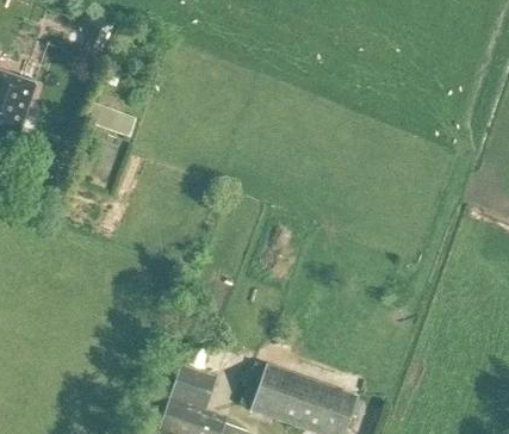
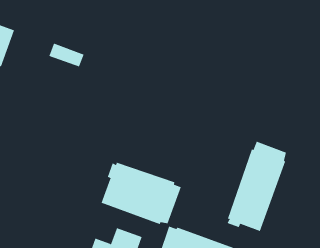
building: none -> [227,141,286,232]
building: none -> [101,162,181,225]

